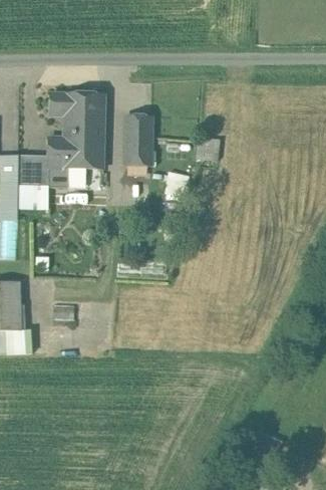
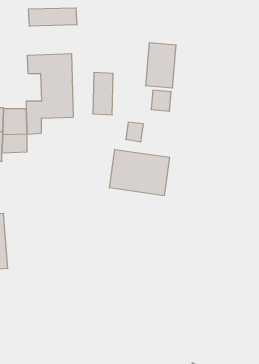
building: none -> [29,8,77,26]
building: none -> [146,43,176,88]
building: none -> [109,149,170,196]

